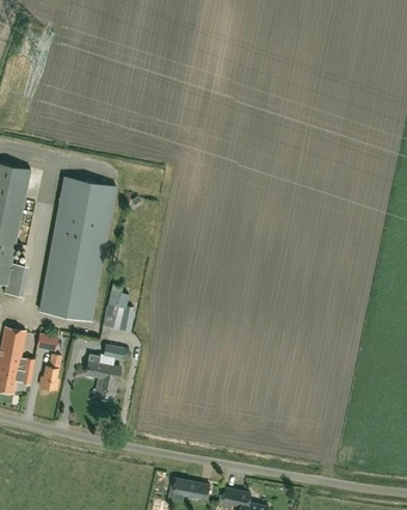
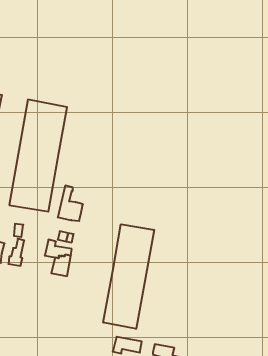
building: none -> [103,224,154,329]

